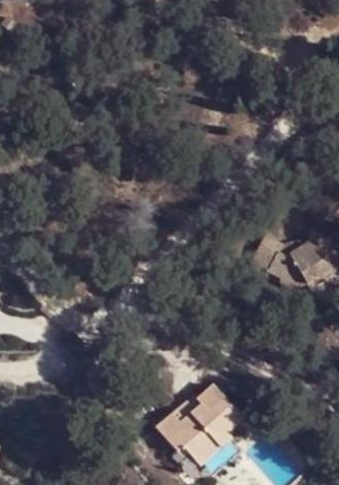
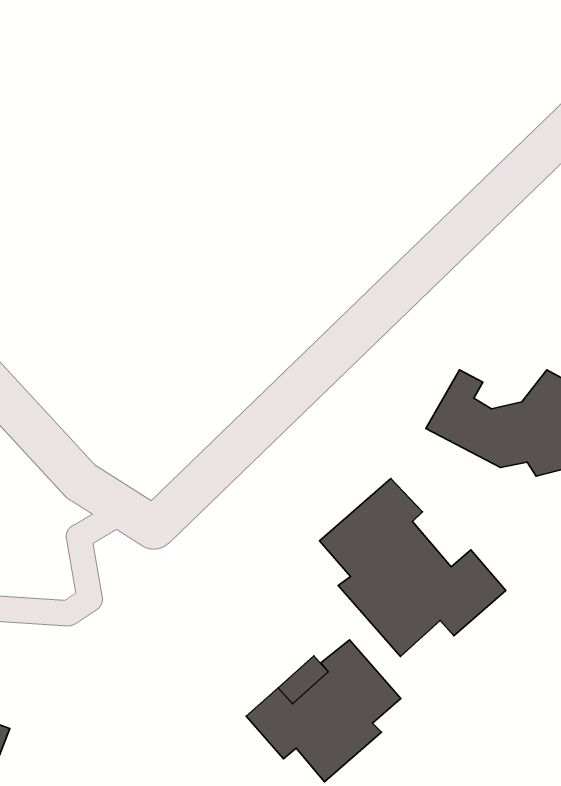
building: none -> [319,479,506,657]

